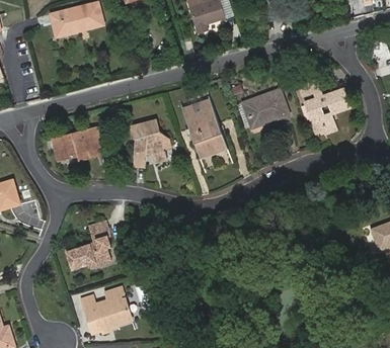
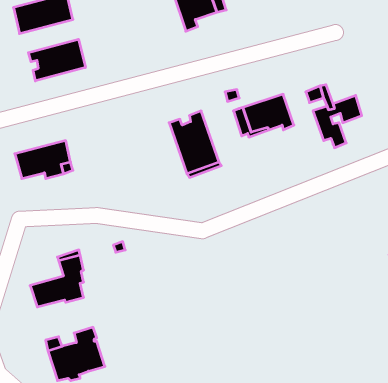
building: none -> [28,39,85,81]
building: [130,120,169,165] -> none

